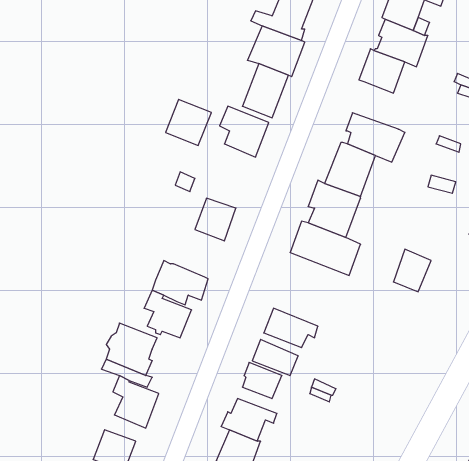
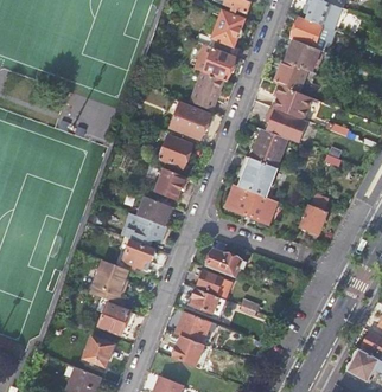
building: none -> [273,84,311,118]
building: [166,99,211,145] -> [158,134,191,167]
building: none -> [138,195,170,225]

